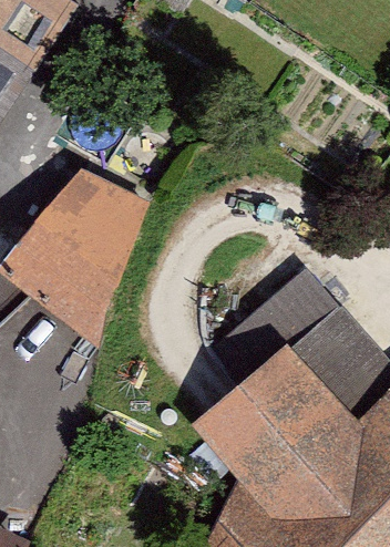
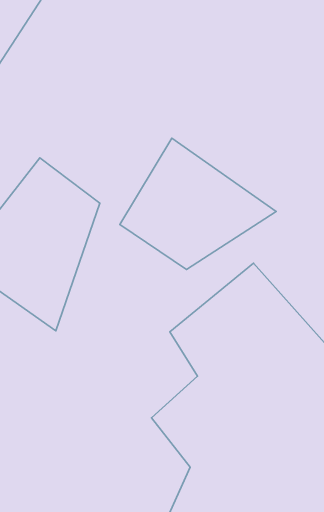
building: none -> [120,138,276,269]

